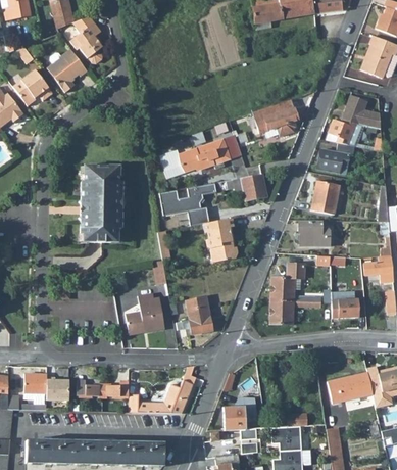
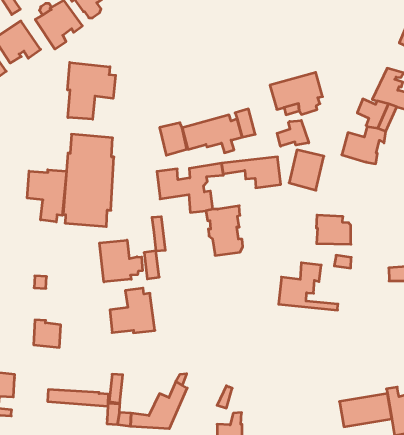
building: none -> [68,62,116,119]
building: none -> [277,120,309,146]
building: [311,181,340,215] -> [289,150,324,190]
building: none -> [27,170,66,222]
building: none -> [100,240,142,282]
building: [331,277,359,318] -> none
building: [176,295,212,335] -> none
building: [269,300,321,324] -> none
building: [47,377,69,400] -> [34,320,61,347]

